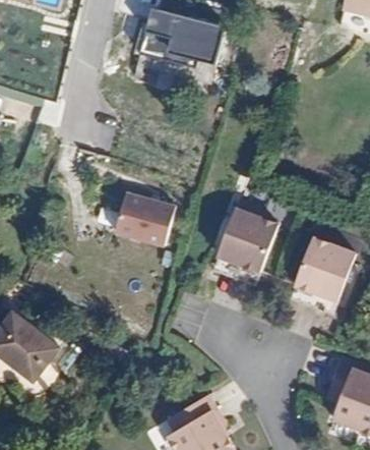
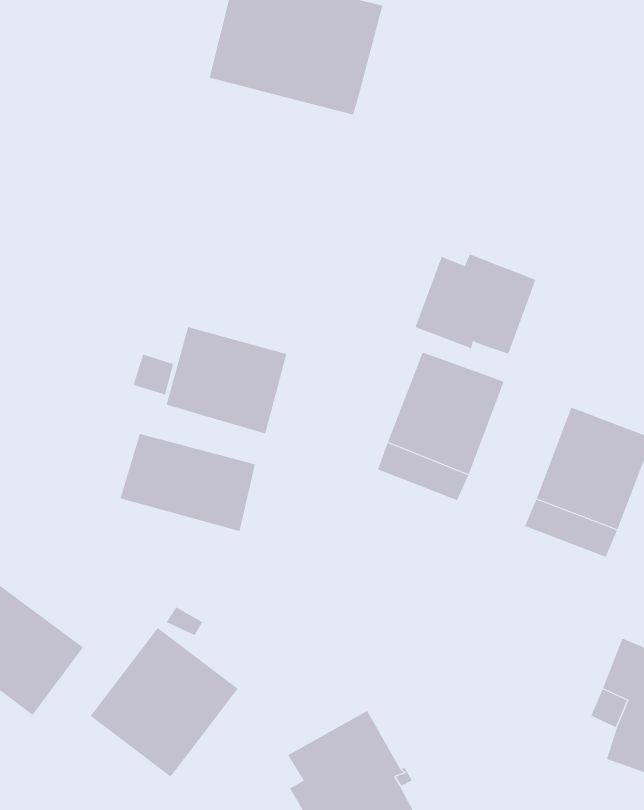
building: none -> [415,253,536,355]
building: none -> [120,433,256,532]
building: none -> [90,627,239,777]

